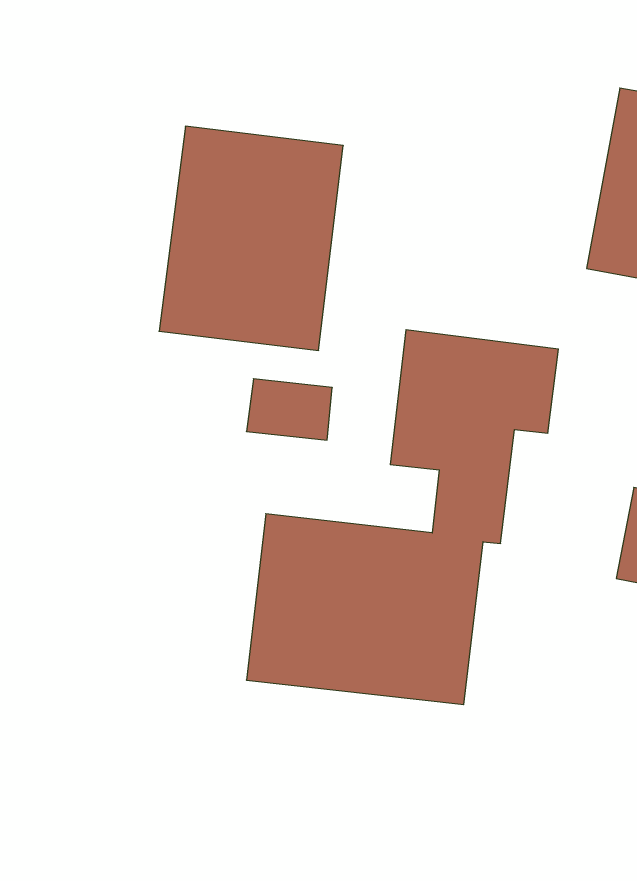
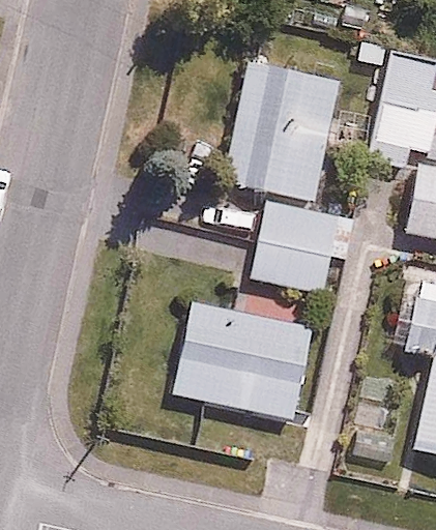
building: [159,126,343,350] -> [226,63,335,196]

